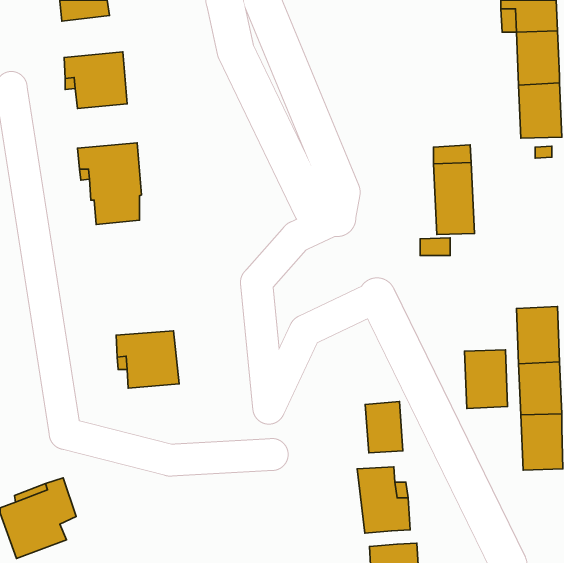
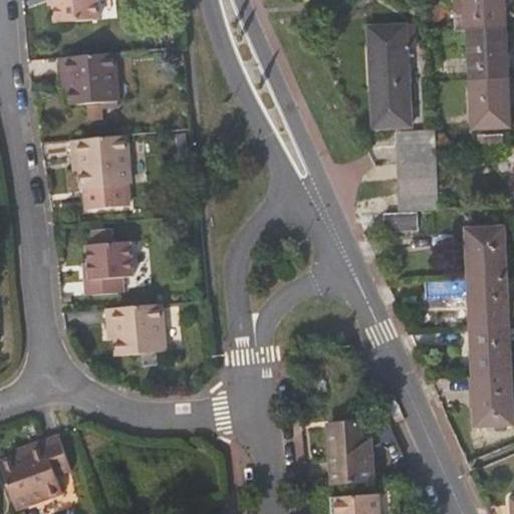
building: none -> [364,29,407,131]
building: none -> [83,226,134,291]
building: [464,350,508,409] -> [468,229,507,282]
building: [365,401,403,453] -> none

